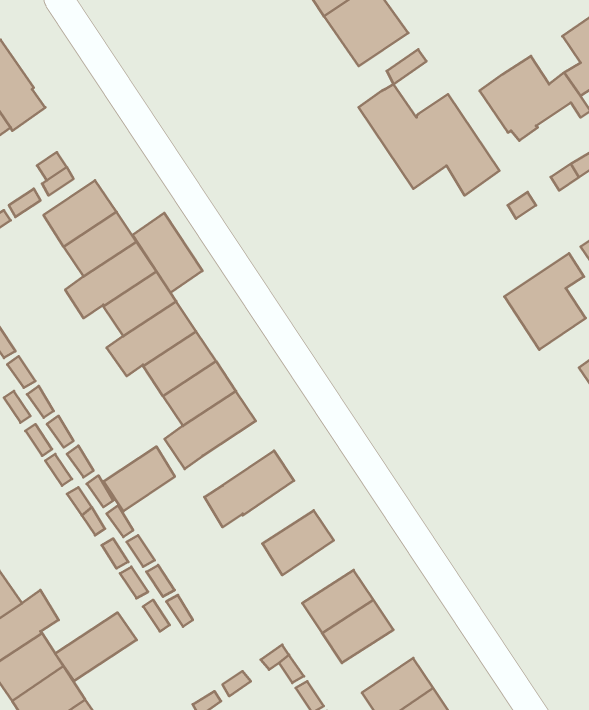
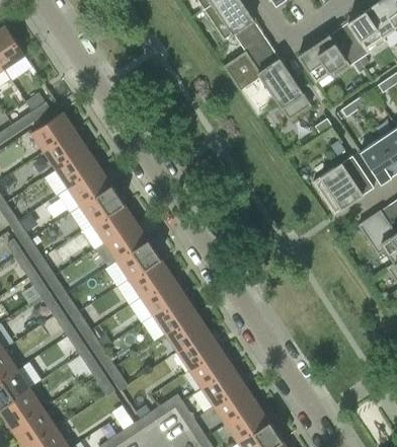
building: [132,213,202,293] -> none
building: [103,447,175,511] -> [129,257,172,297]
building: none -> [153,294,196,332]
building: none -> [177,330,221,369]
building: [55,613,137,681] -> none
building: none -> [214,385,257,424]

